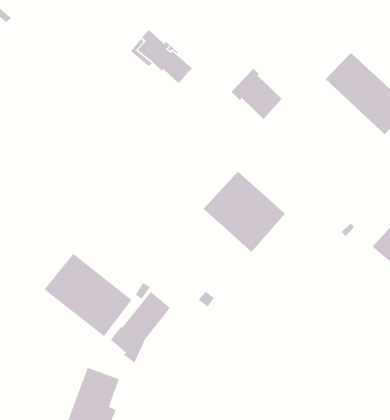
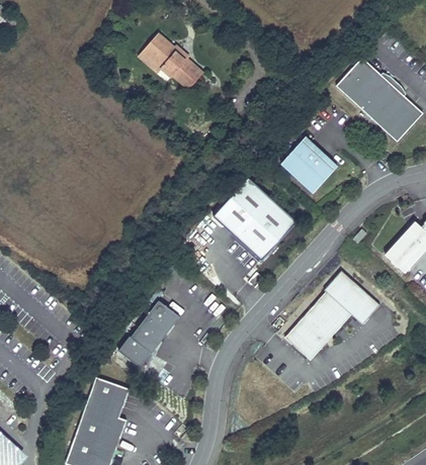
building: [231,68,283,120] -> [280,138,333,191]
building: [43,253,133,337] -> none
building: none -> [286,272,380,363]

